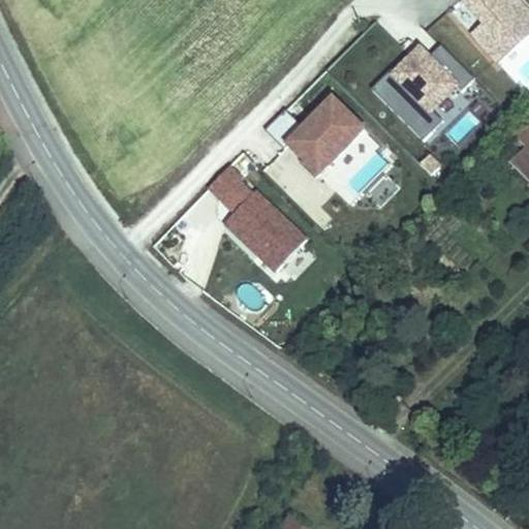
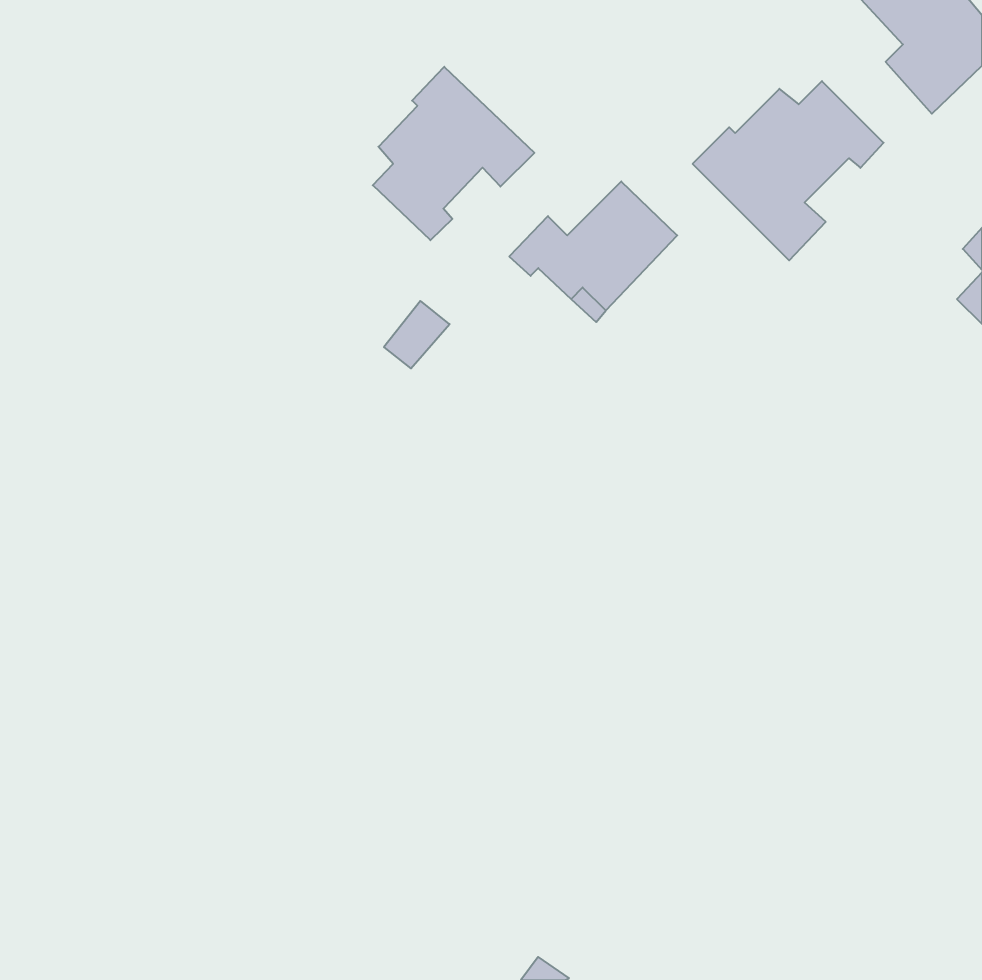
building: none -> [373,67,534,240]
building: [224,189,306,270] -> none

